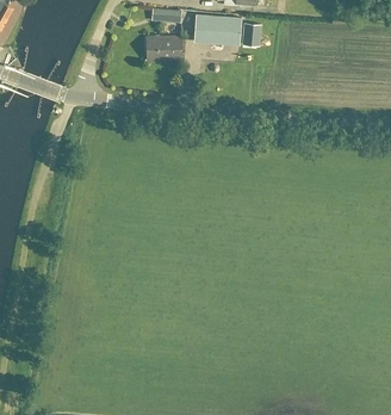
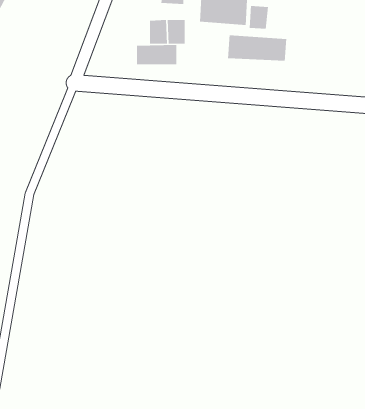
building: none -> [228,35,287,61]
building: none -> [137,44,177,65]

